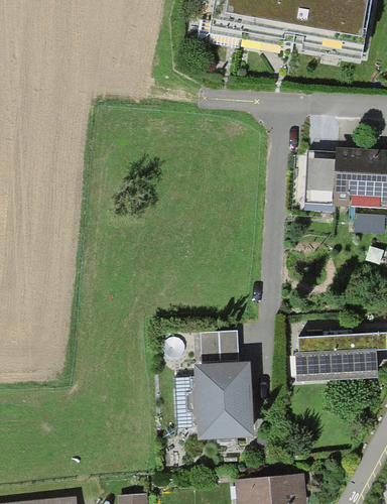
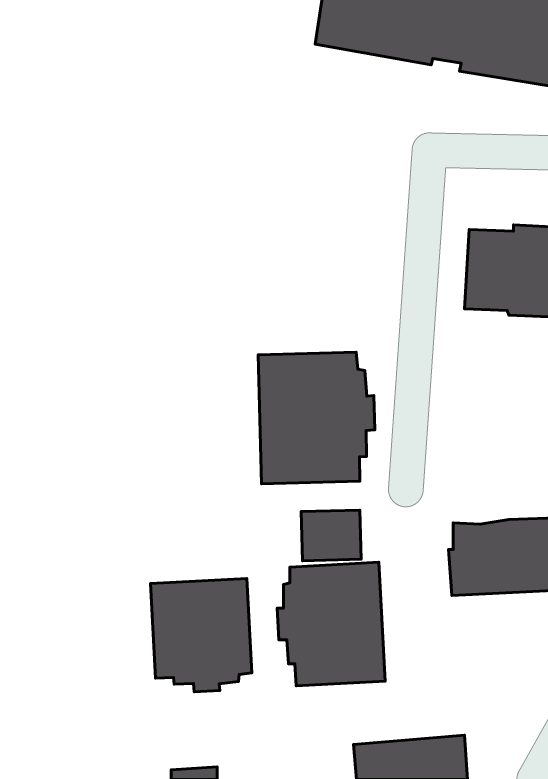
building: none -> [258,352,375,484]
building: none -> [150,578,252,692]

